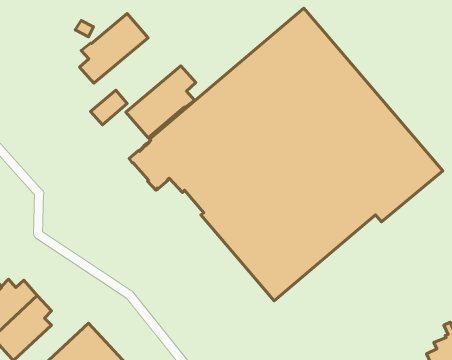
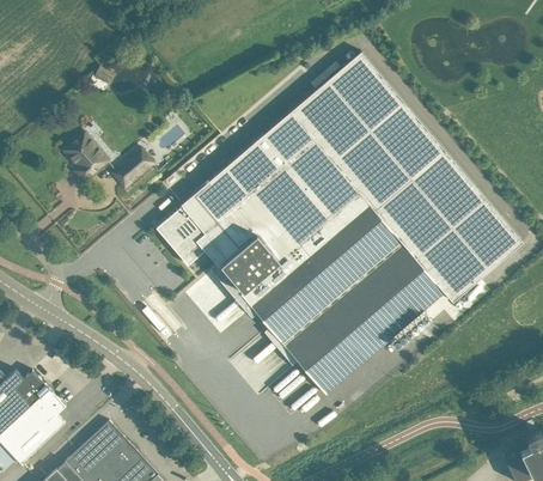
building: [80,14,148,83] -> none
building: [126,66,196,138] -> none
building: none -> [61,133,108,183]

